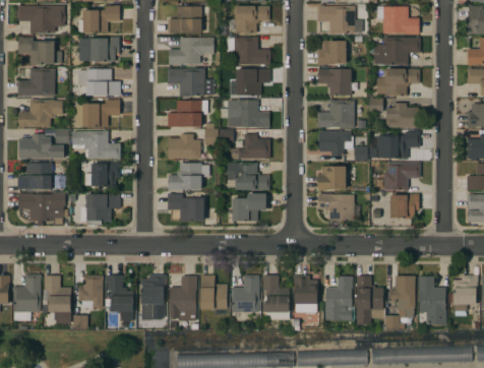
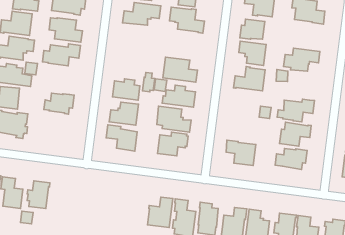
building: [377,37,420,65] -> none
building: [167,68,204,97] -> none
building: [229,69,270,96] -> none
building: [167,101,205,127] -> none
building: [385,103,418,128] -> none
building: [72,131,120,160] -> none
building: [319,131,352,157] -> none
building: [317,166,346,191] -> none
building: [83,194,120,226] -> none
building: [140,274,166,320] -> none
building: [107,275,133,322] -> none
building: [170,275,197,321] -> none
building: [201,275,228,315] -> none

